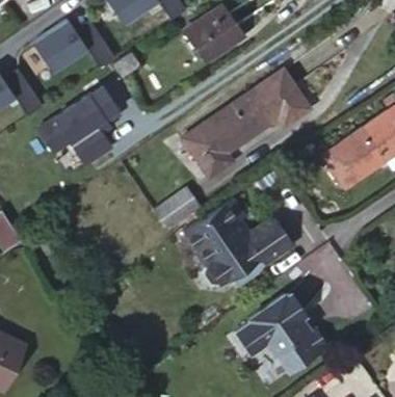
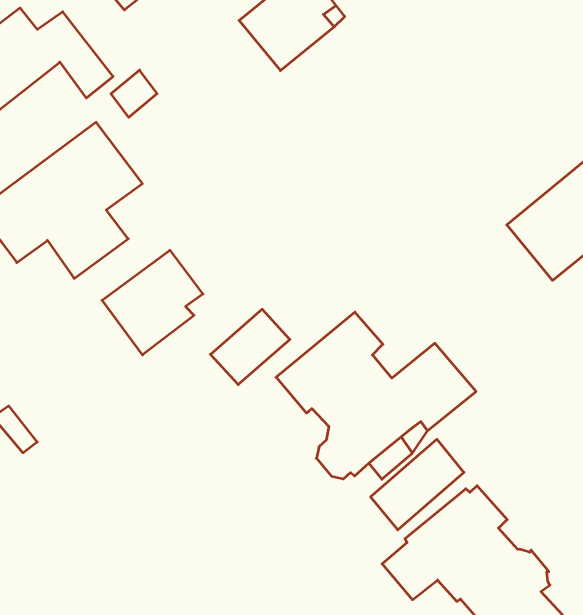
building: [181,70,310,178] -> none
building: none -> [102,250,203,355]
building: none -> [371,439,464,530]

